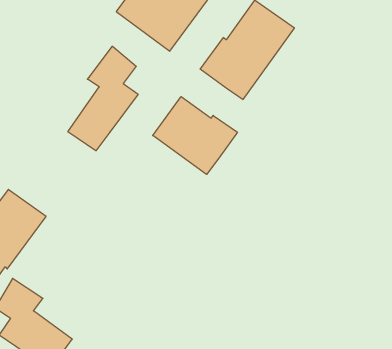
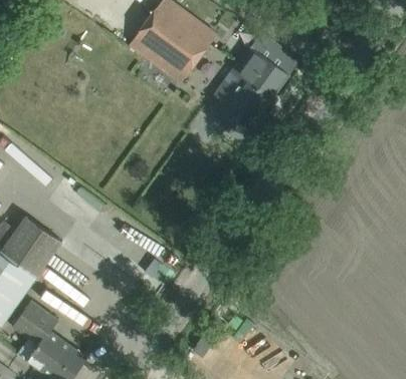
building: [68,46,138,151] -> none
building: [153,97,237,174] -> none

